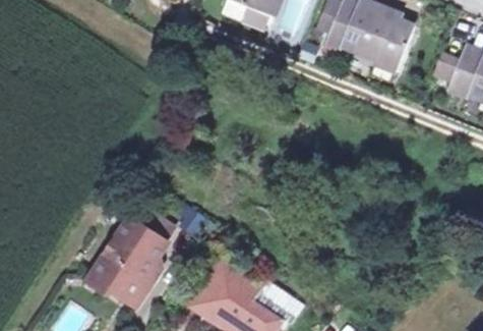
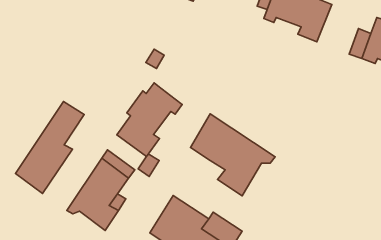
building: none -> [117,83,182,156]
building: none -> [15,102,84,194]
building: none -> [190,114,275,196]

